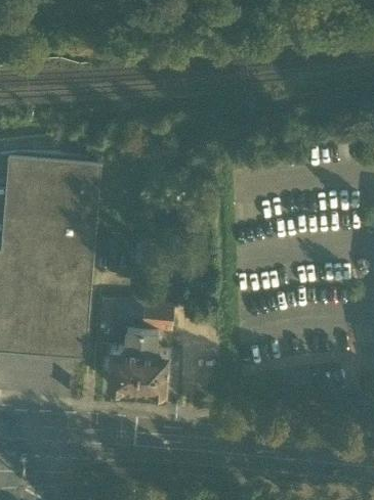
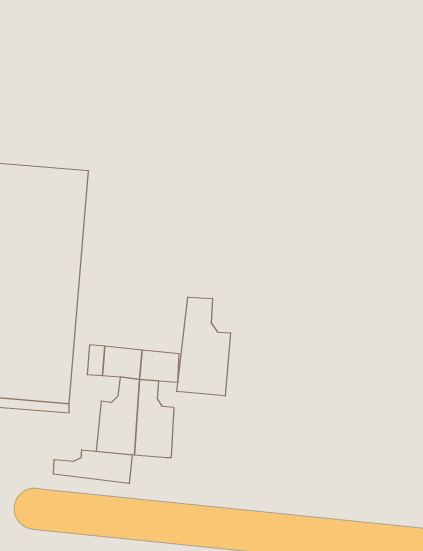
building: none -> [177,297,231,396]
building: none -> [53,450,132,484]

